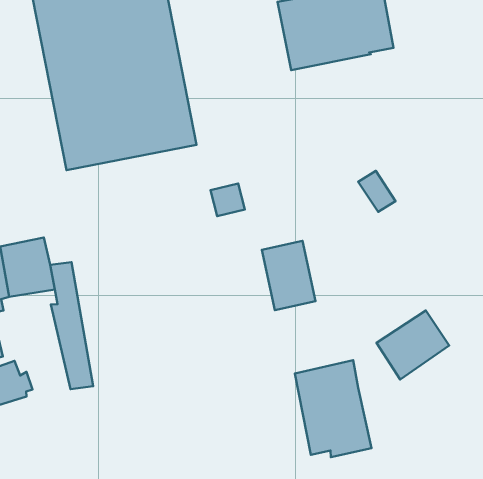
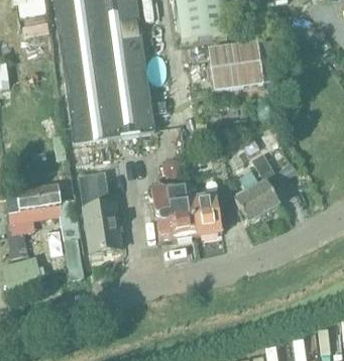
building: none -> [78,172,121,251]
building: [377,311,449,380] -> [234,182,278,223]
building: [295,360,371,457] -> [151,181,196,239]

